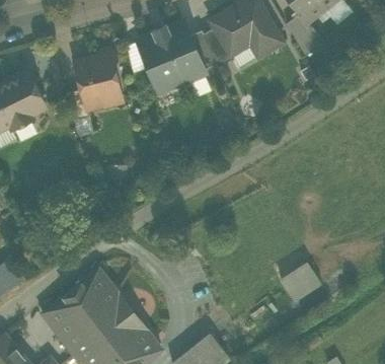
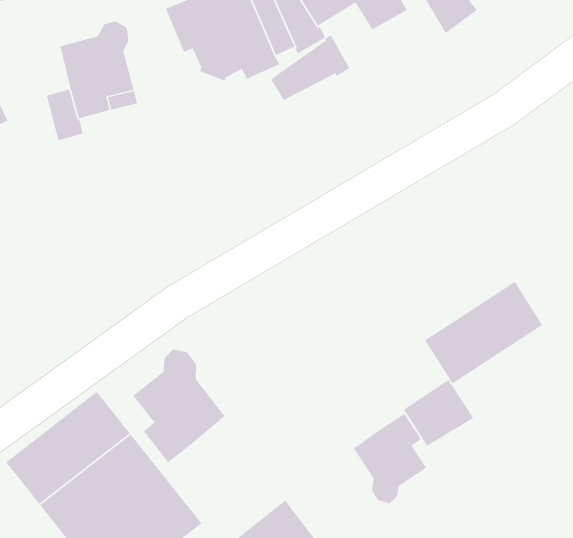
building: none -> [271,34,350,101]
building: none -> [424,281,543,384]
building: none -> [132,348,226,463]
building: none -> [353,413,427,504]

